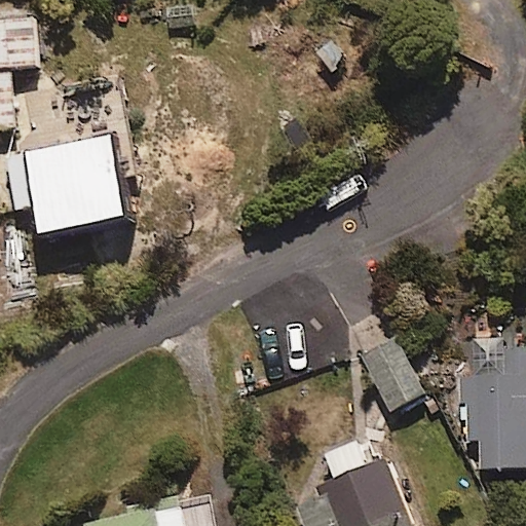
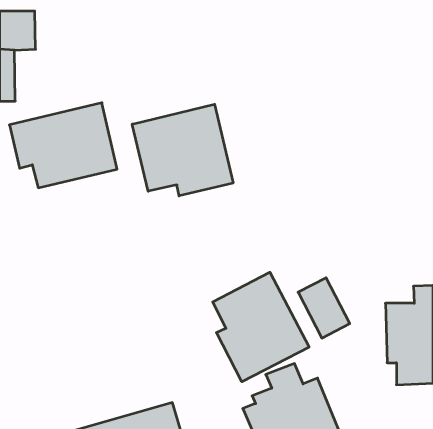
building: none -> [132,104,233,196]
building: none -> [213,272,309,382]

